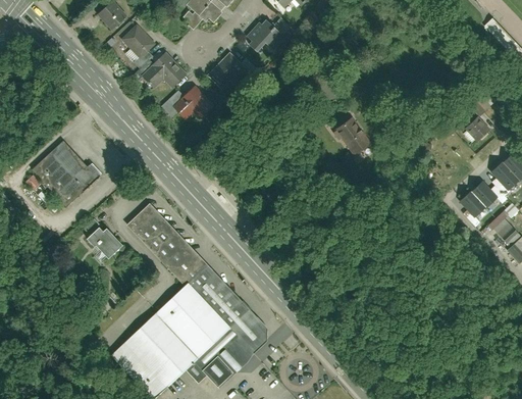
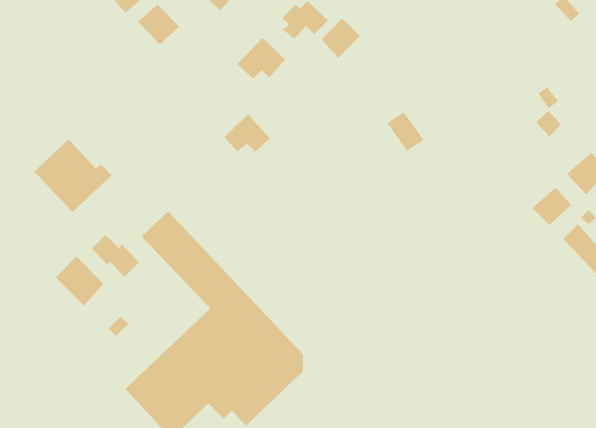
building: none -> [321,17,361,58]
building: [141,52,188,89] -> none
building: [173,86,214,119] -> [223,114,271,153]
building: none -> [55,255,104,306]

